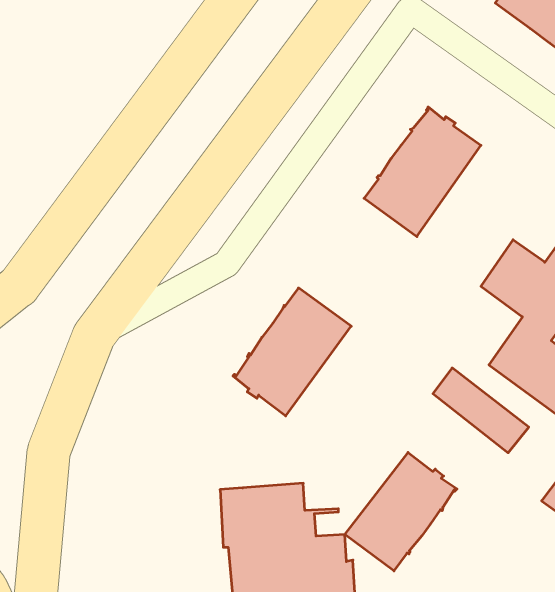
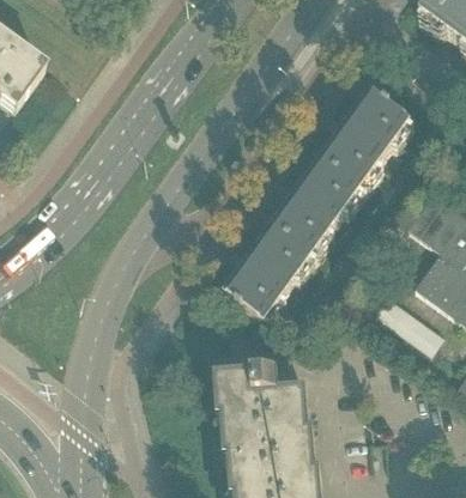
building: none -> [272,158,361,254]
building: [345,452,457,571] -> none

